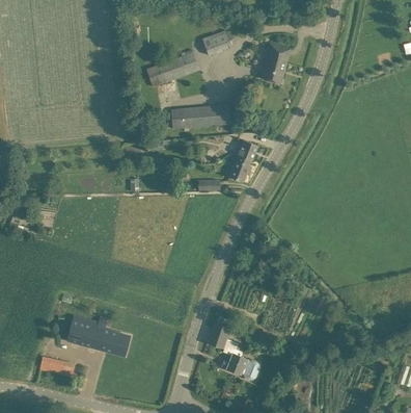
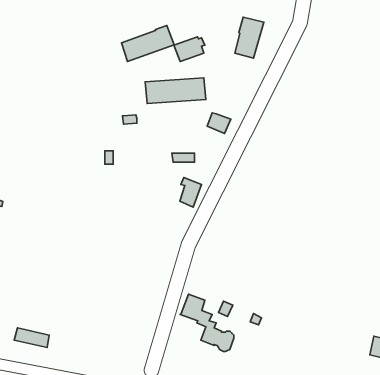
building: [201,30,232,55] -> [174,37,205,61]
building: [228,153,250,183] -> [180,177,201,207]
building: [65,316,129,357] -> none

